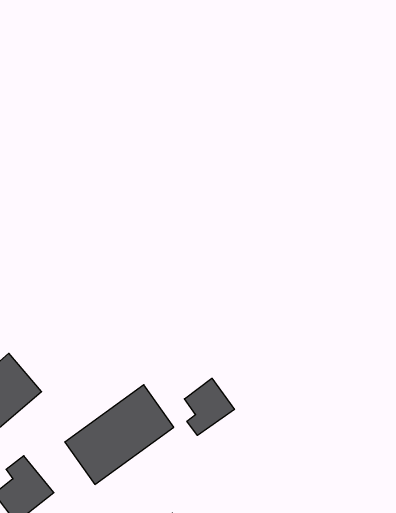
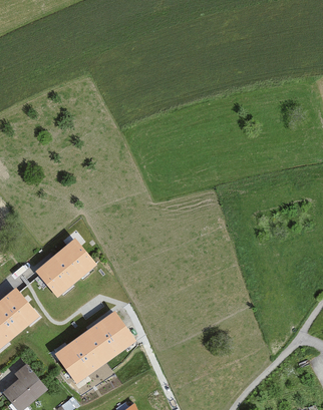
building: none -> [34,237,96,297]
building: [184,378,234,435] -> none

